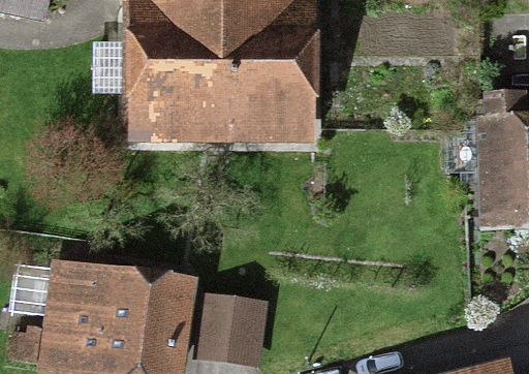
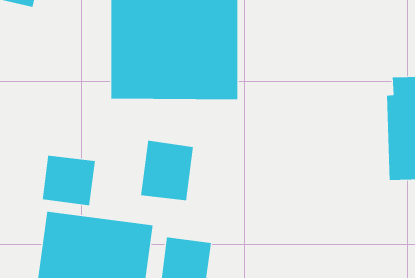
building: none -> [140,140,194,201]
building: none -> [42,155,96,206]

